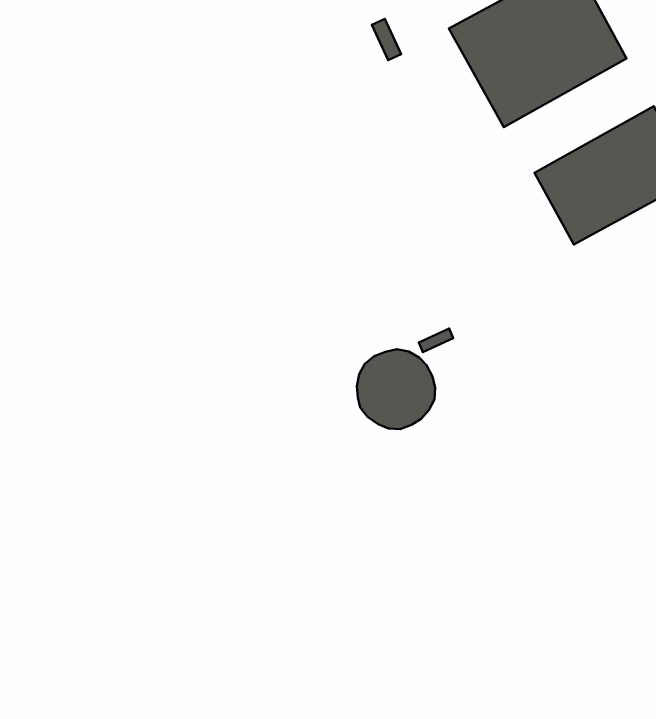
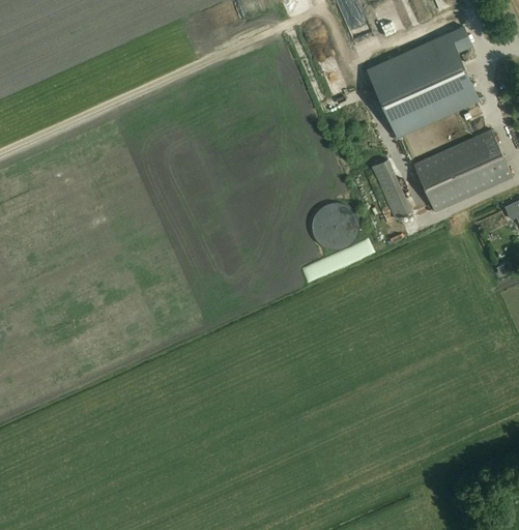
building: none -> [372,159,410,219]
building: [357,349,435,429] -> [311,201,359,251]

